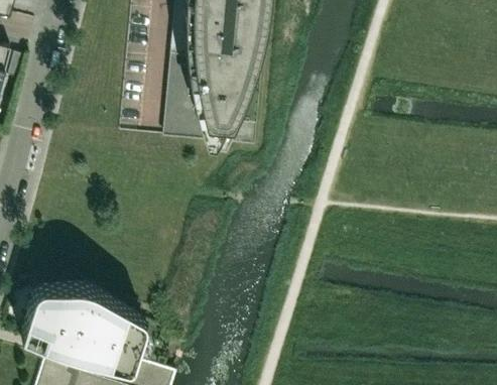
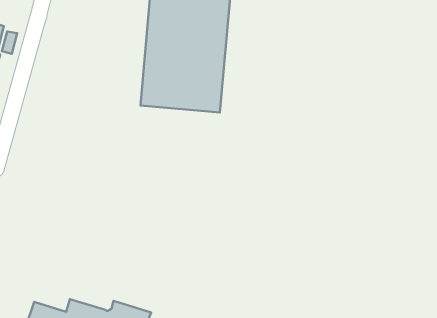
building: [16,281,140,367] -> none

